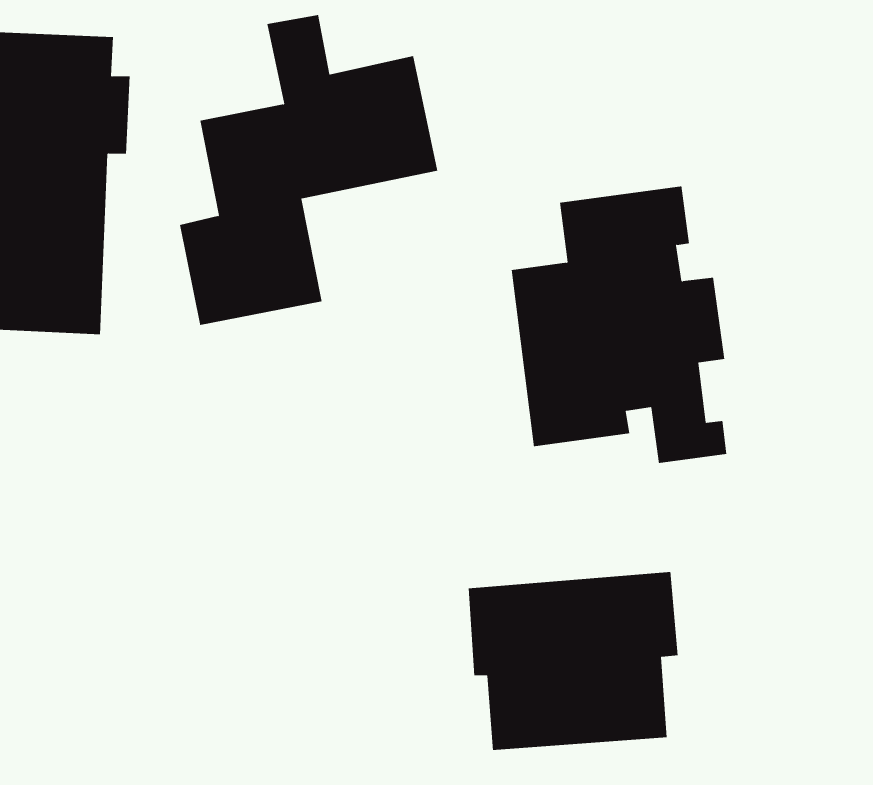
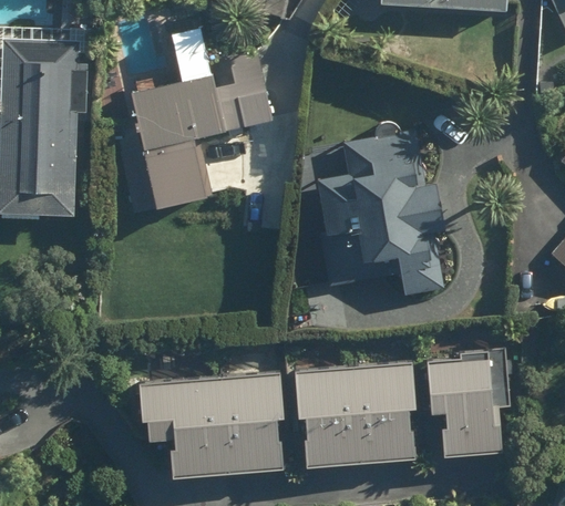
building: none -> [423,353,502,455]
building: none -> [135,371,284,477]

